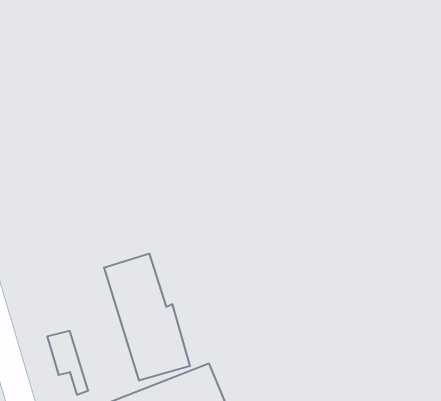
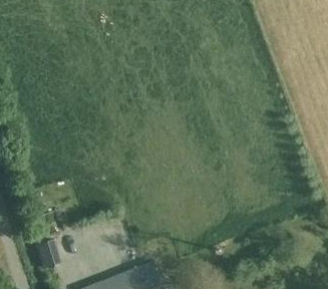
building: [104,254,190,381] -> none

